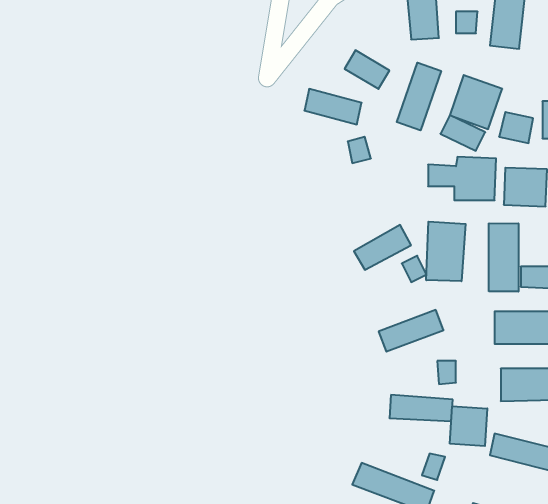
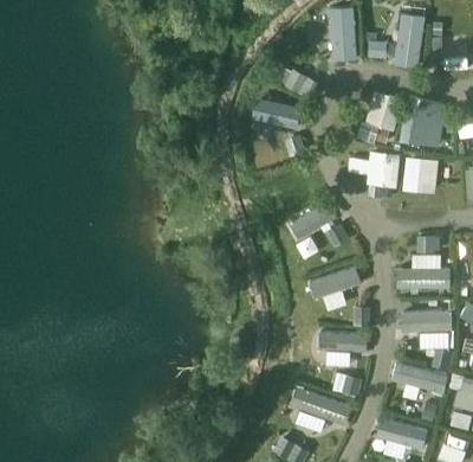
building: [397,63,441,130] -> none
building: [426,222,466,281] -> none
building: [489,223,518,292] -> none
building: [450,406,487,446] -> none

